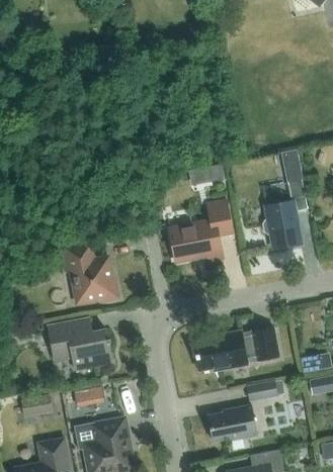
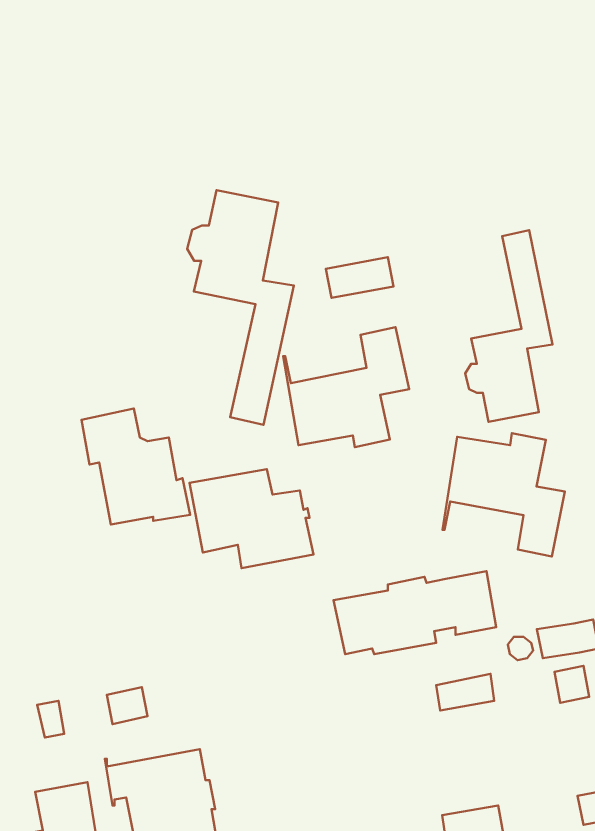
building: none -> [187,190,294,425]
building: none -> [443,433,565,556]
building: [48,318,112,370] -> [189,469,313,568]
building: [207,405,257,442] -> none

